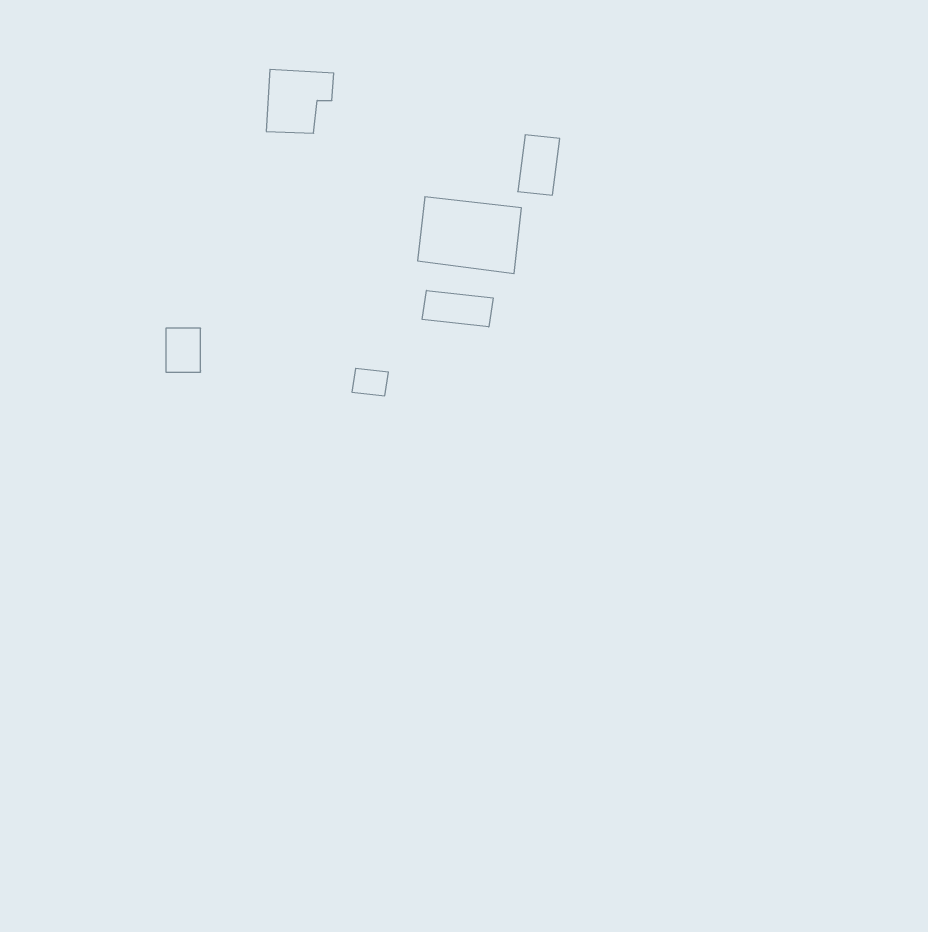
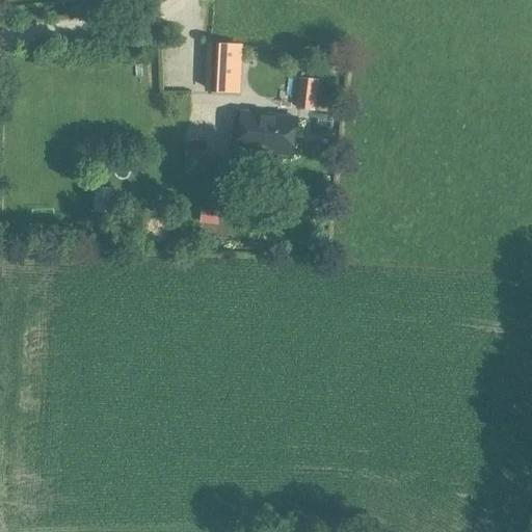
building: [266,69,334,133] -> [208,43,246,79]
building: [422,290,493,327] -> none

